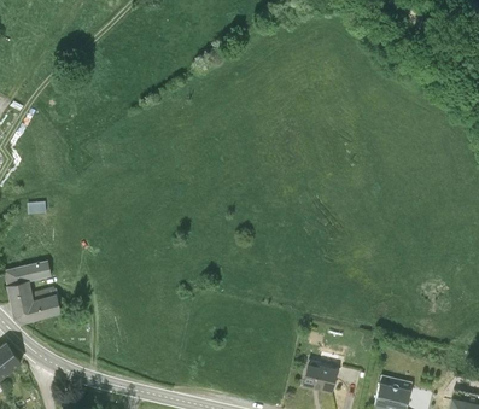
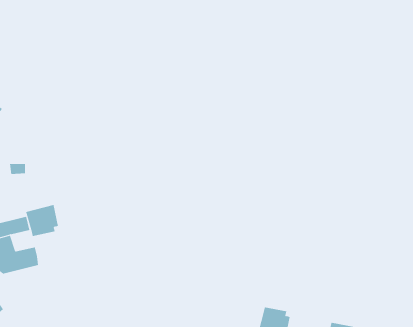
building: none -> [25,204,59,237]

